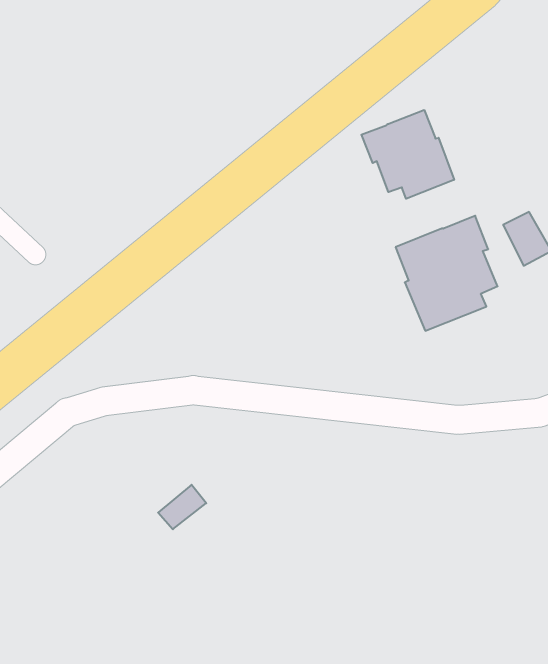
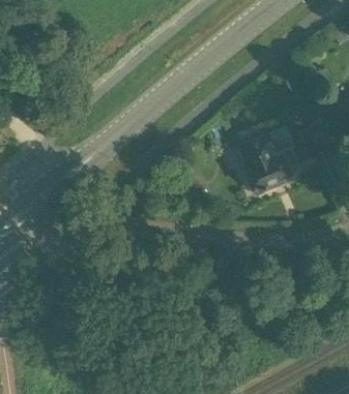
building: [361,110,454,199] -> none

